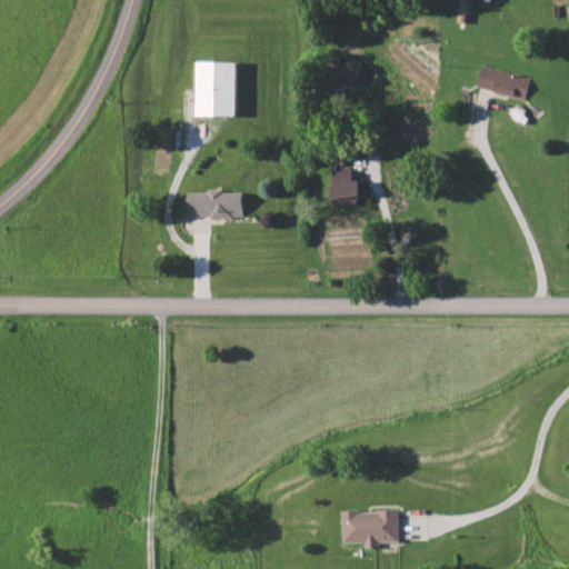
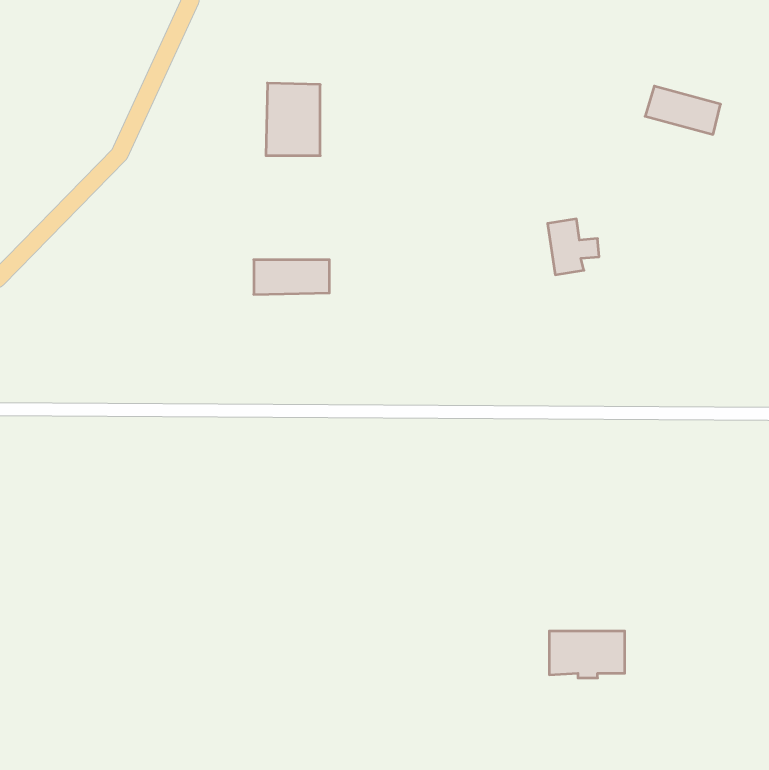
building: [330,167,368,208] -> [548,219,599,275]
building: [340,511,396,546] -> [549,631,625,678]

